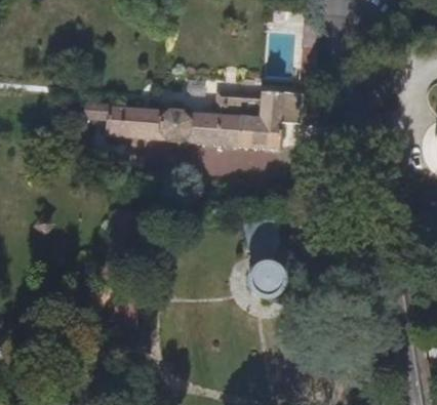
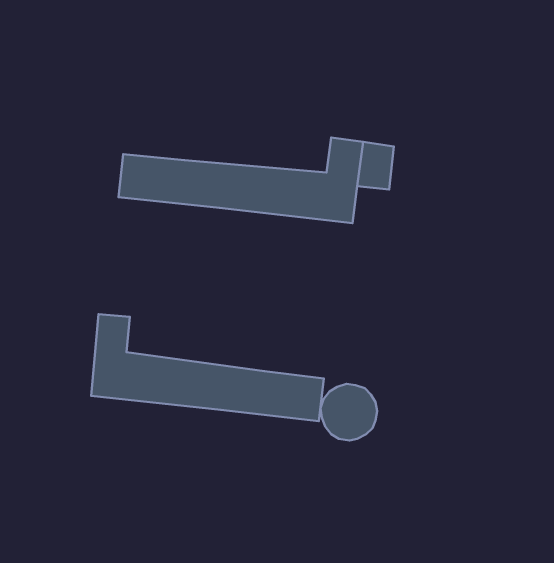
building: none -> [91,314,324,421]

